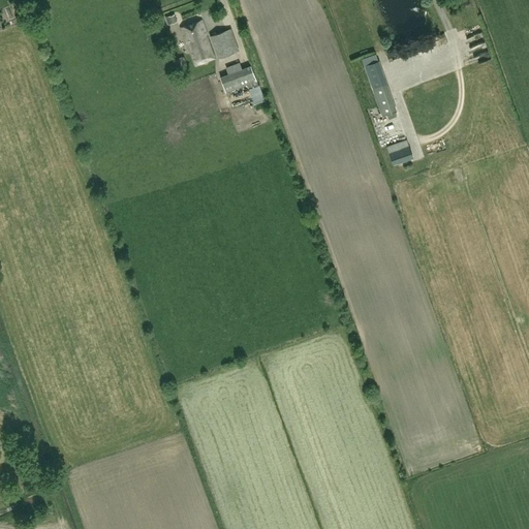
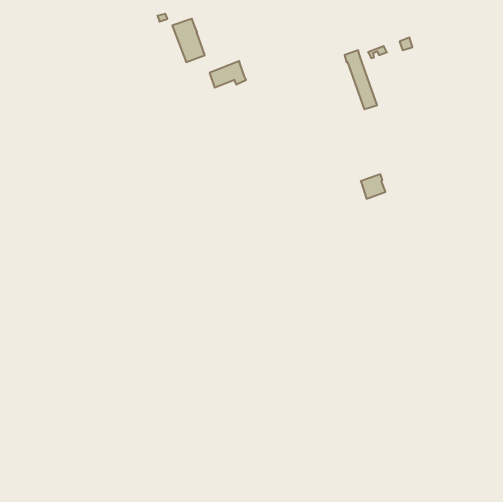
building: [211,30,234,57] -> none
building: [386,138,412,164] -> [361,174,385,199]

